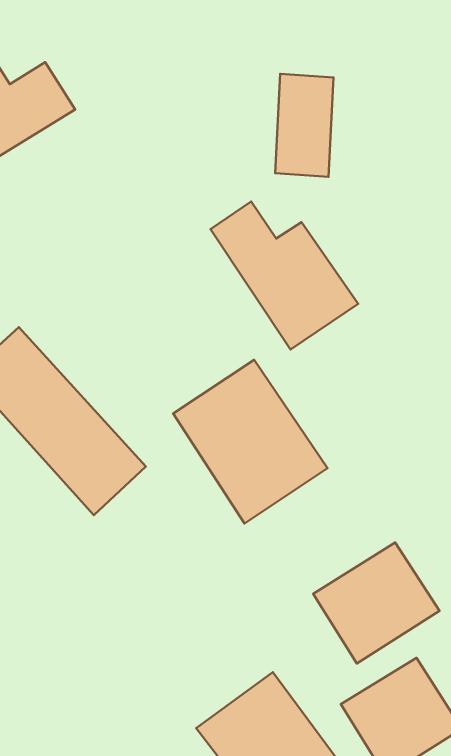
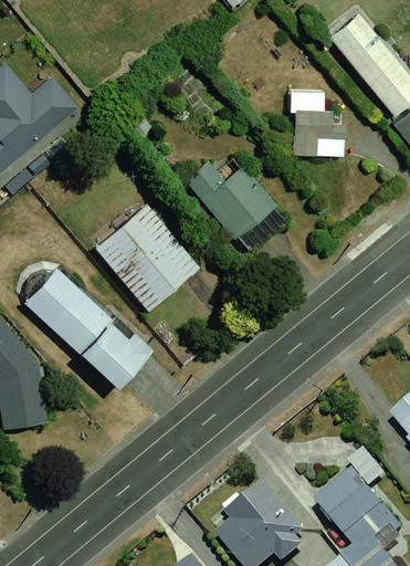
building: [275,74,334,177] -> [290,90,330,160]
building: [173,360,327,523] -> [92,203,203,318]
building: [313,543,440,663] -> none

